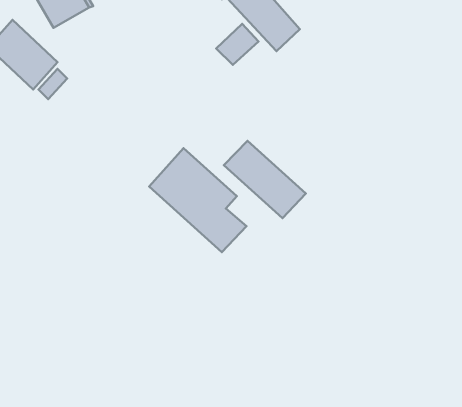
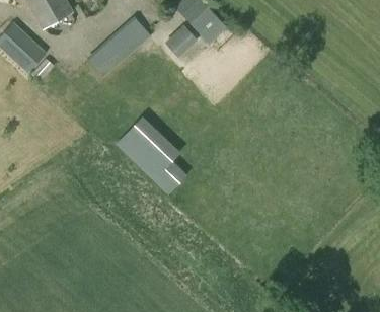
building: none -> [86,16,151,78]
building: [224,141,306,218] -> none

